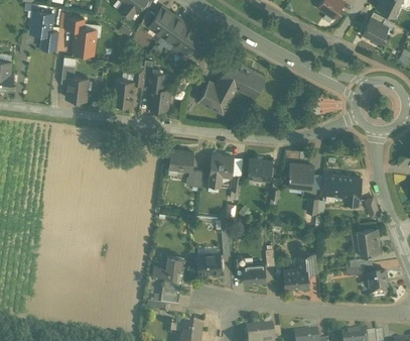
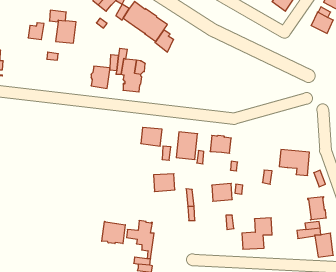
building: [29,11,53,35] -> none
building: [198,59,266,115] -> none
building: [66,77,88,100] -> none
building: [288,164,314,189] -> none
building: [197,254,222,274] -> [154,174,175,192]
building: none -> [102,221,125,244]
building: [243,263,266,283] -> [212,183,232,201]

